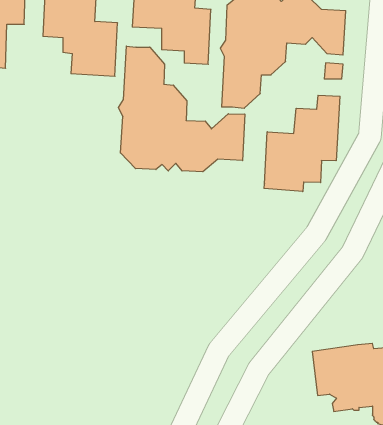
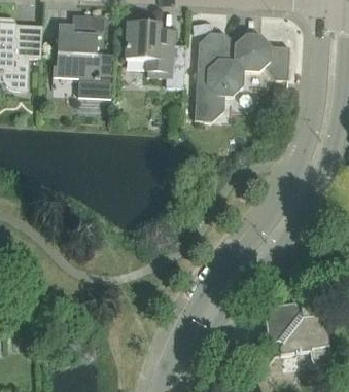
building: [118,46,245,172] -> none
building: [264,95,340,192] -> none

